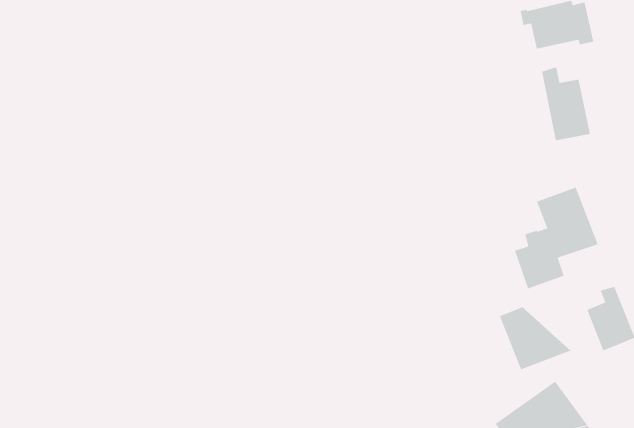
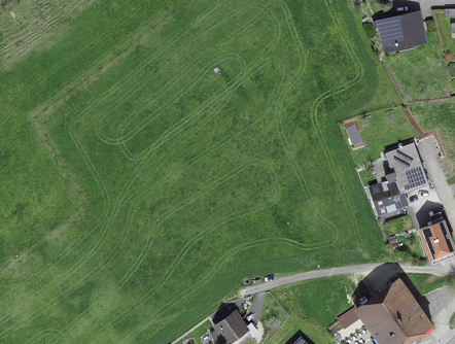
building: [541,67,590,141] -> none
building: [499,307,571,370] -> none

